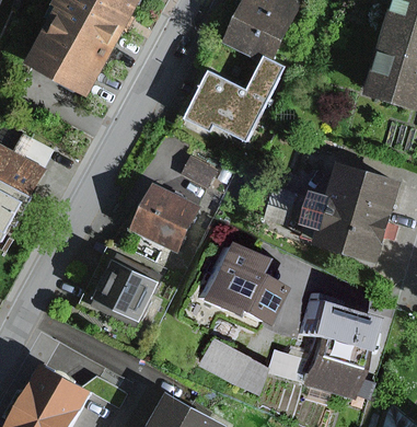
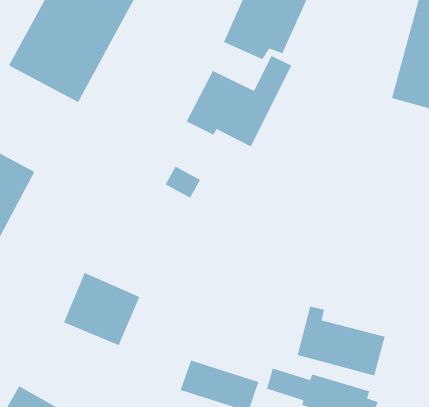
building: [304,171,384,265] -> none
building: [116,188,186,257] -> none
building: [199,242,283,328] -> none

